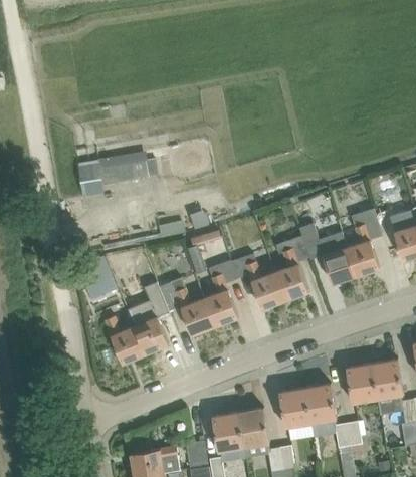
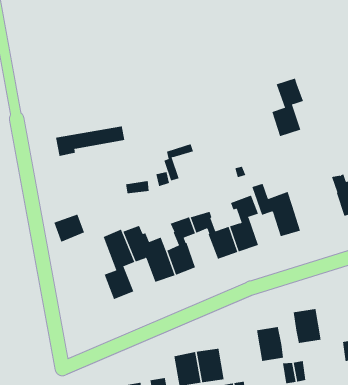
building: [346,210,382,276] -> [271,78,304,137]
building: [187,230,221,272] -> [163,143,194,181]
building: [105,316,145,363] -> none
building: [372,359,403,399] -> none
building: [278,388,310,427] -> none

